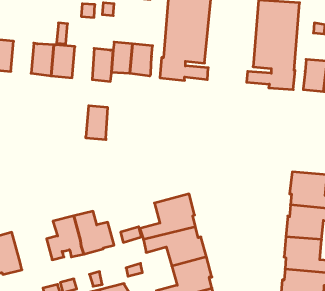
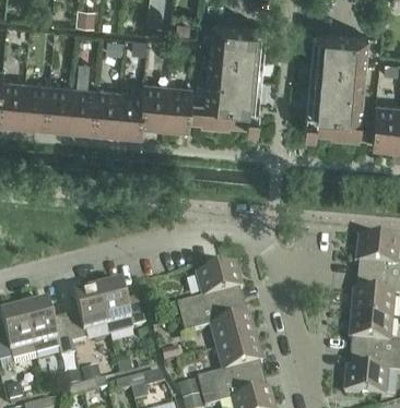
building: none -> [22,84,49,122]
building: [86,106,108,140] -> [95,91,121,131]
building: none -> [23,305,73,359]

